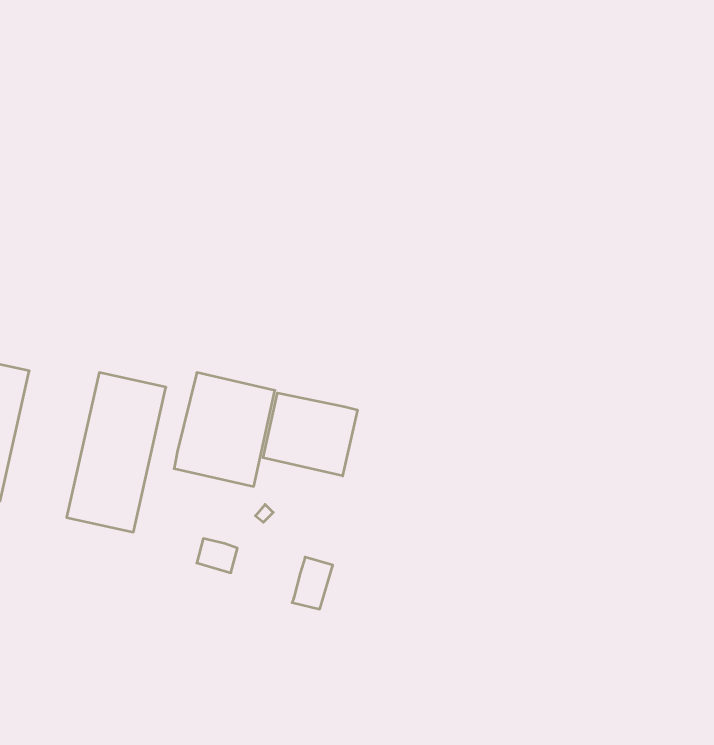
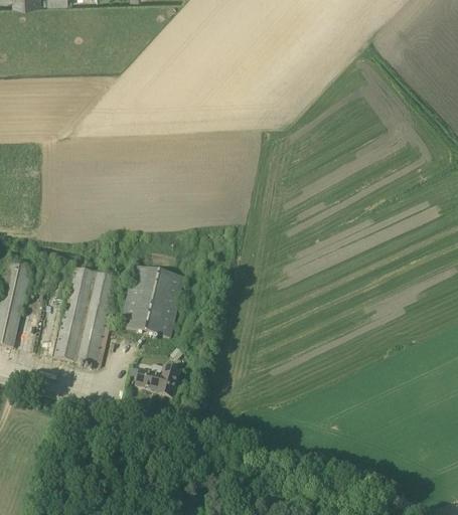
building: [263,393,357,476] -> none
building: [292,557,333,609] -> [156,364,181,396]

